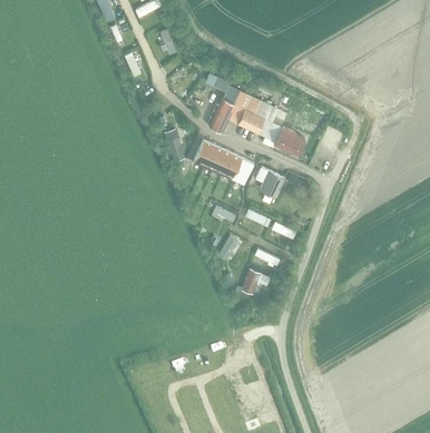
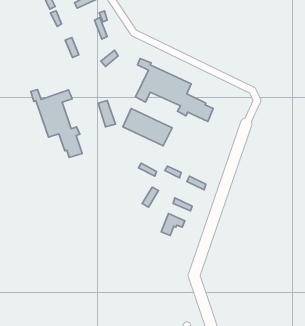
building: none -> [31,90,82,157]
building: [255,167,286,197] -> none

